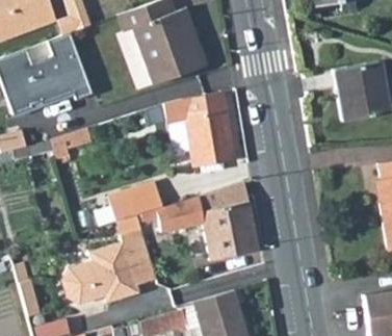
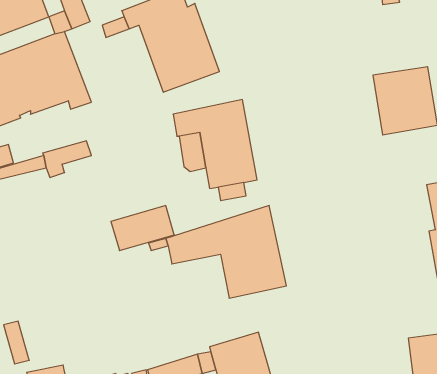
building: [61,228,157,303] -> none

